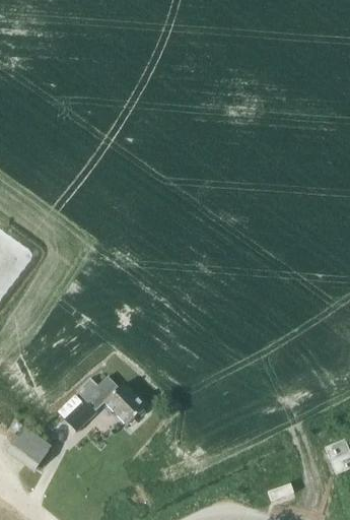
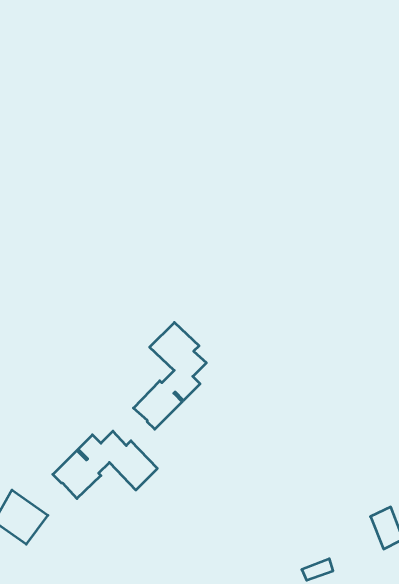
building: none -> [133,322,206,429]

